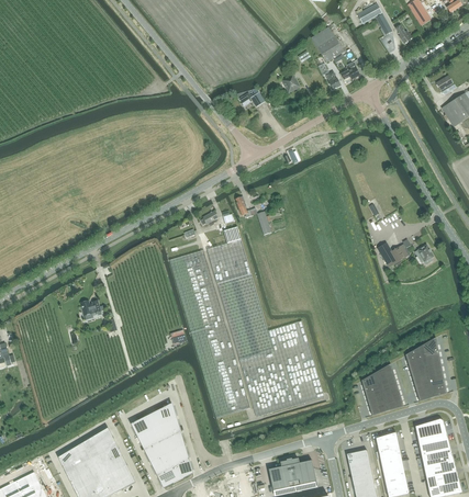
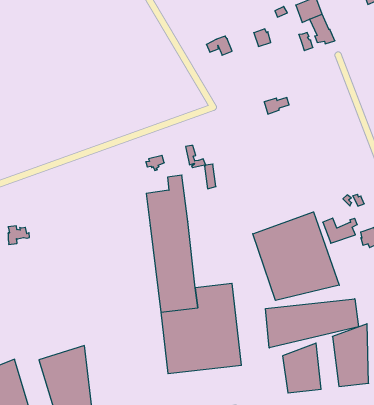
building: none -> [253,212,339,300]
building: [169,249,249,417] -> none
building: none -> [266,299,358,348]

